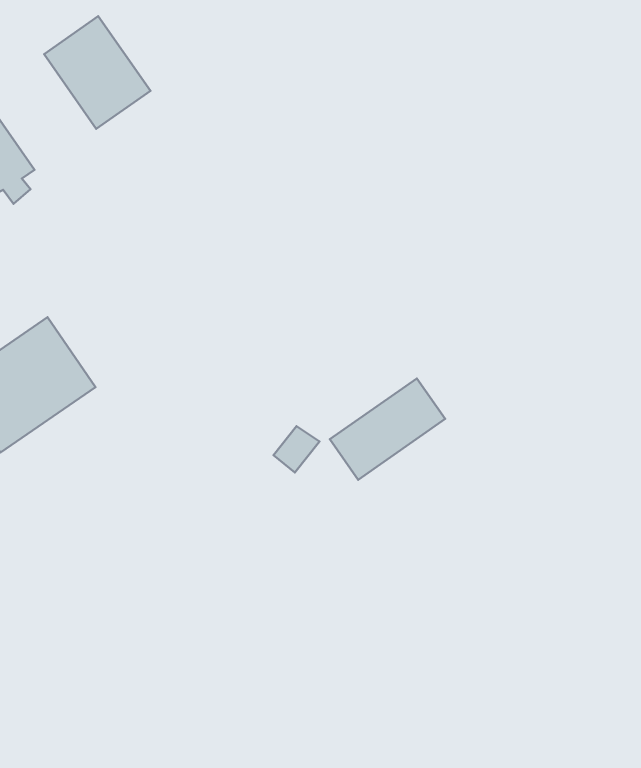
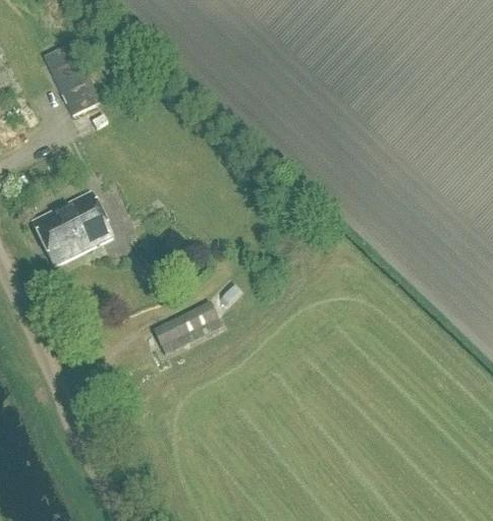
building: [44,16,150,129] -> none
building: [330,378,445,480] -> [153,299,223,354]

